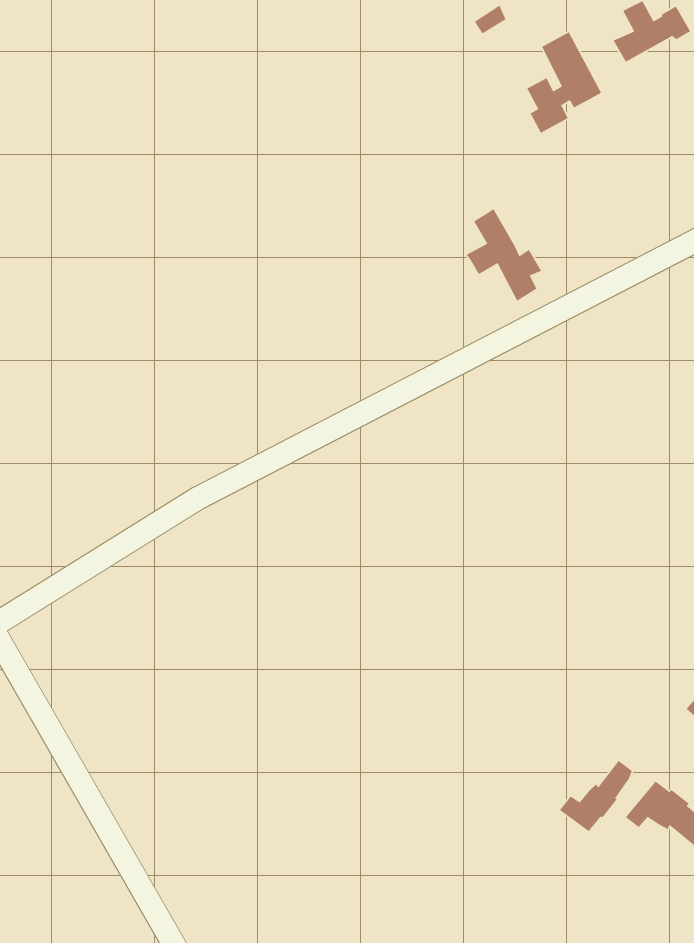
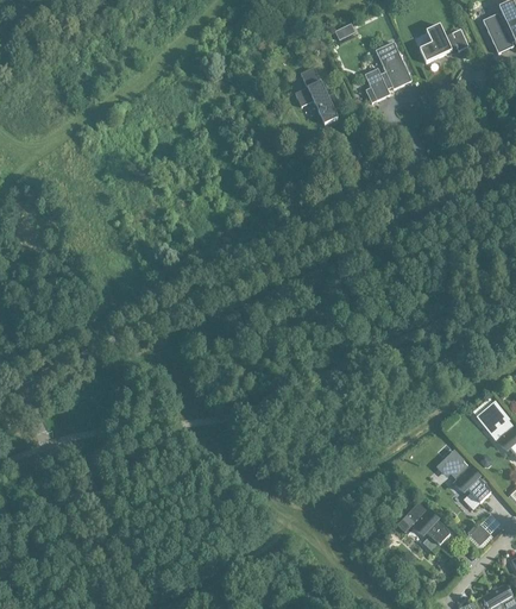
building: [466,208,542,302] -> [294,65,340,124]
building: [559,760,633,832] -> none

